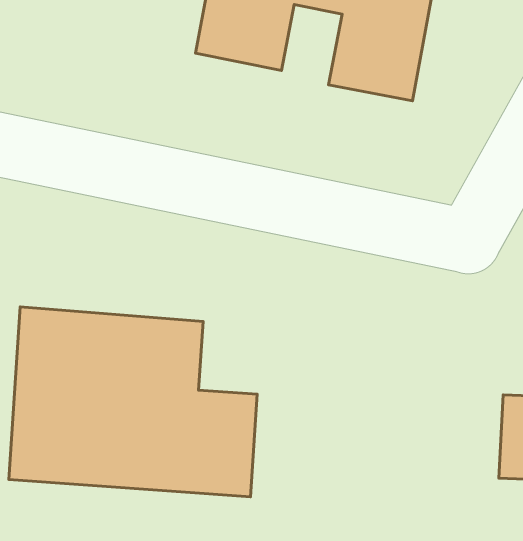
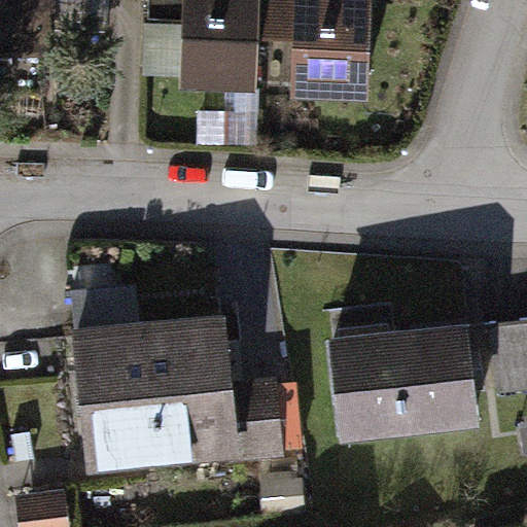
building: none -> [325,321,480,440]

